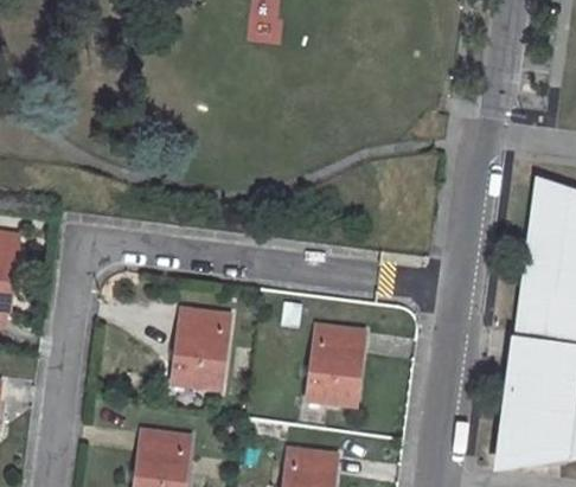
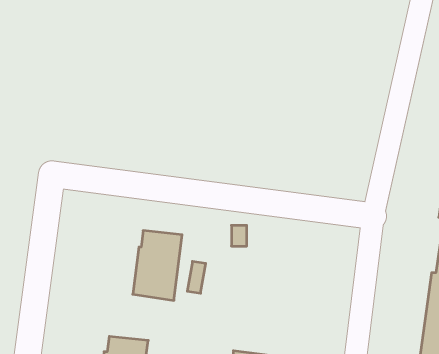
building: [308,323,363,404] -> none

